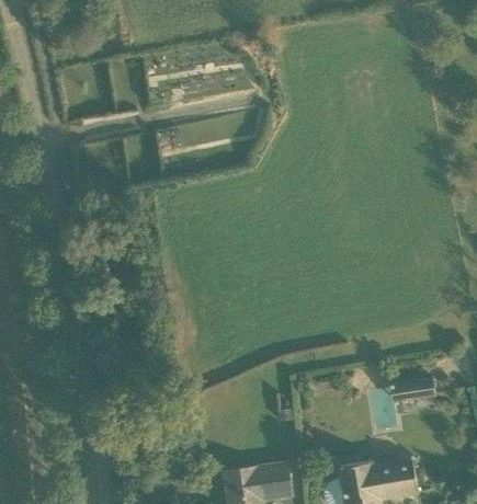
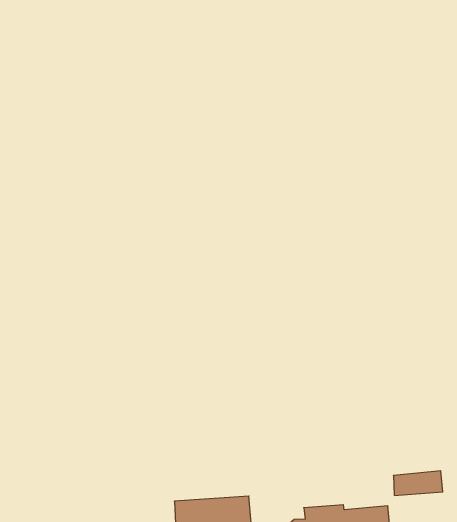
building: [390,377,435,402] -> [393,471,443,495]

